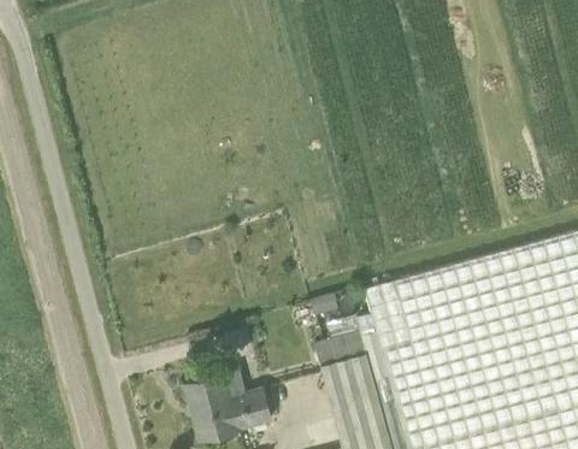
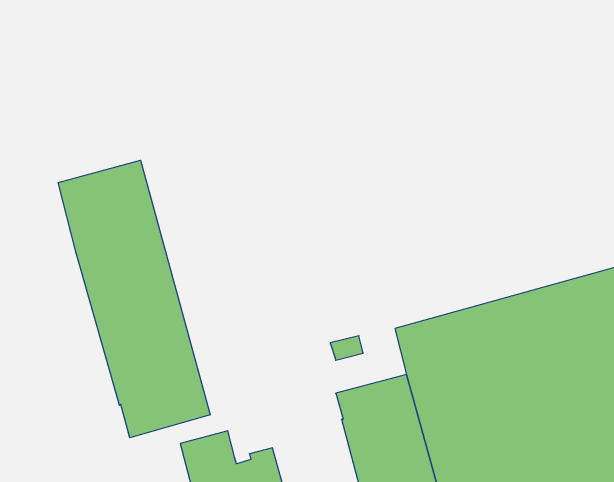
building: none -> [58,160,210,438]

